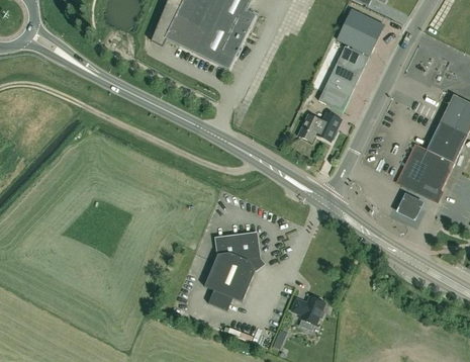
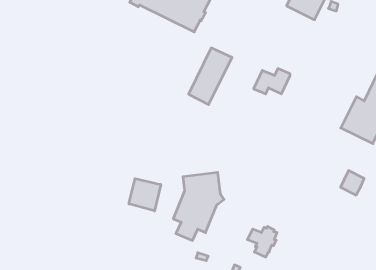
building: [318,44,369,110] -> [189,48,232,105]
building: [397,193,425,221] -> [341,171,364,195]
building: none -> [129,179,161,211]

